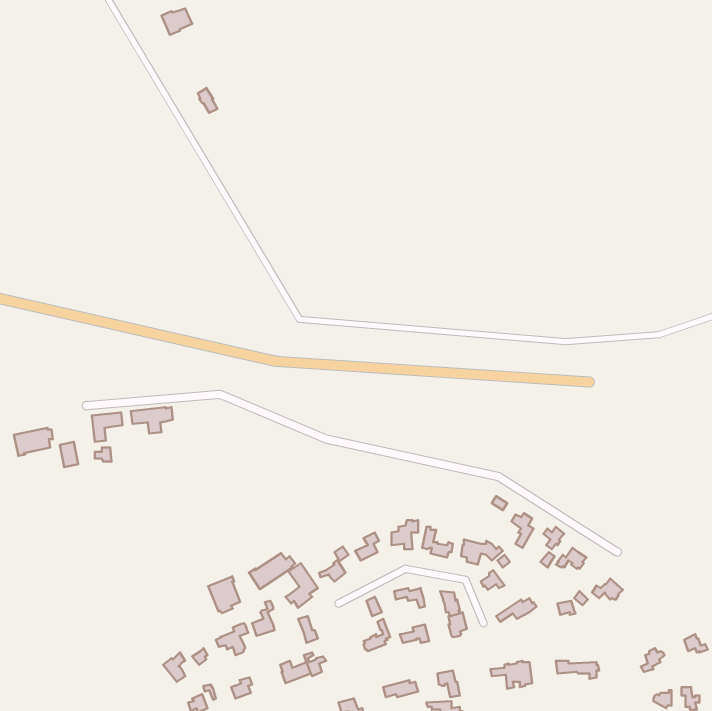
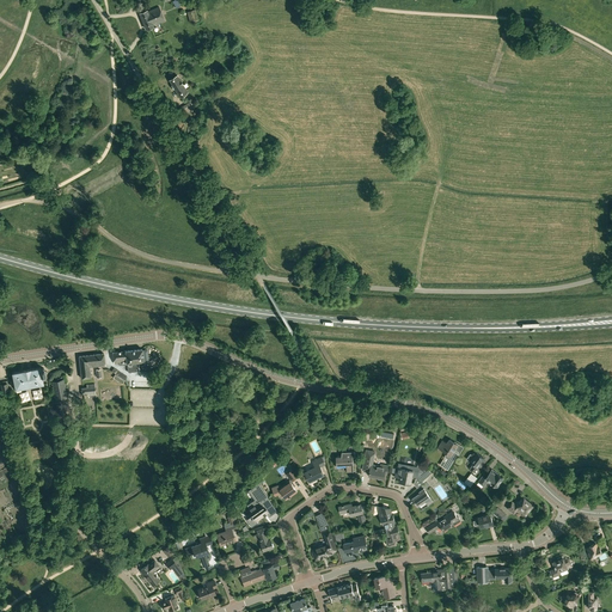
building: [249,553,295,589] -> none
building: [208,576,240,613] -> none

